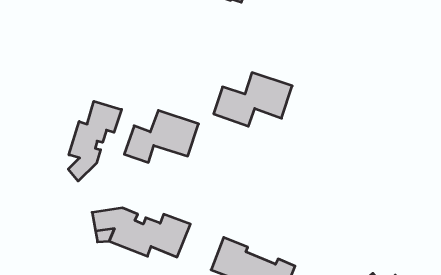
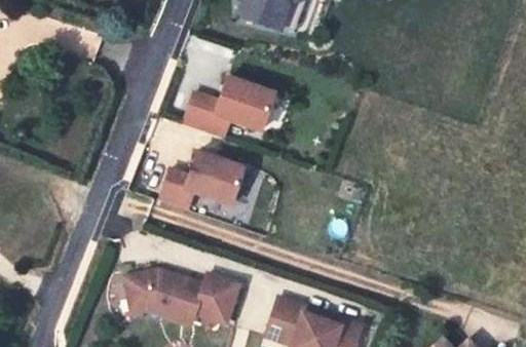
building: [214,73,292,126] -> [184,78,274,140]
building: [68,101,122,181] -> none

